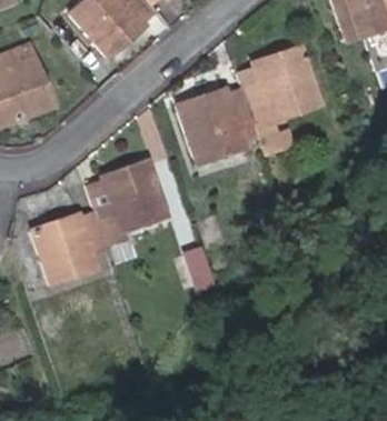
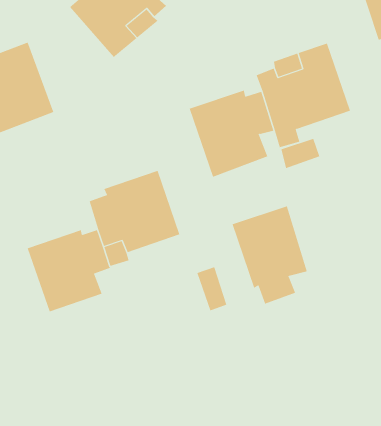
building: none -> [232,205,308,305]

